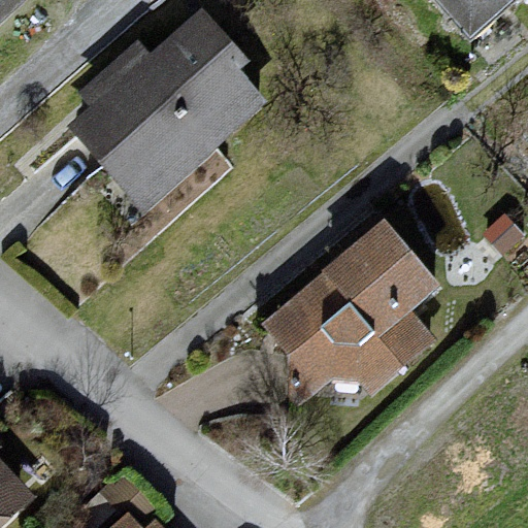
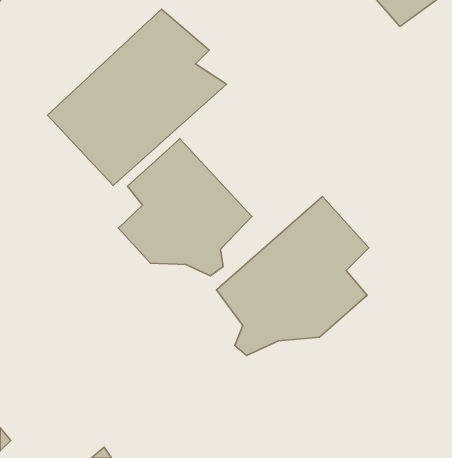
building: none -> [118,139,252,276]

